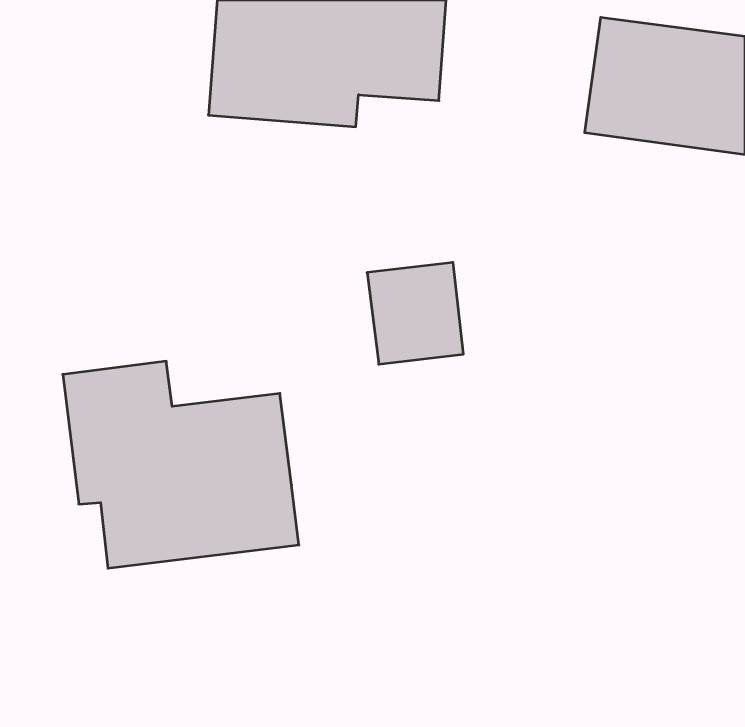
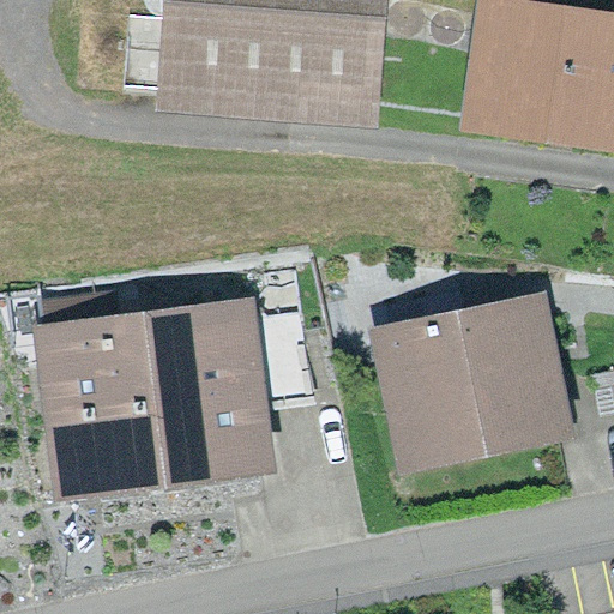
building: [367,262,463,364] -> [230,330,309,414]
building: none -> [367,305,552,464]

